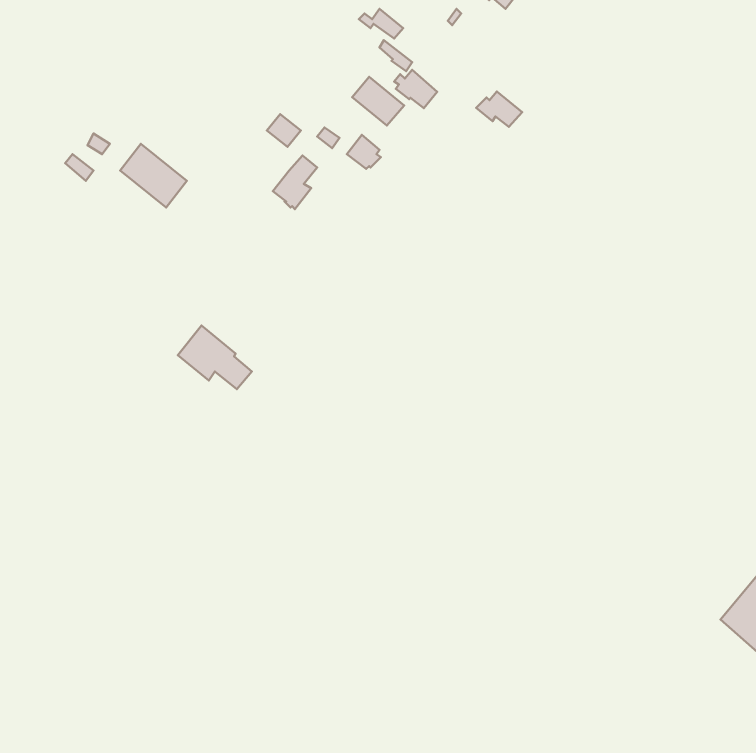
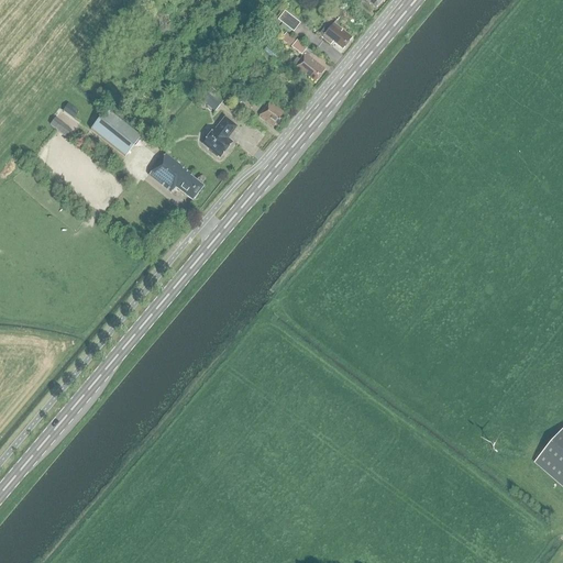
building: [352,77,404,126] -> none
building: [476,91,522,127] -> [319,21,353,47]
building: [178,325,252,389] -> [148,152,203,199]

